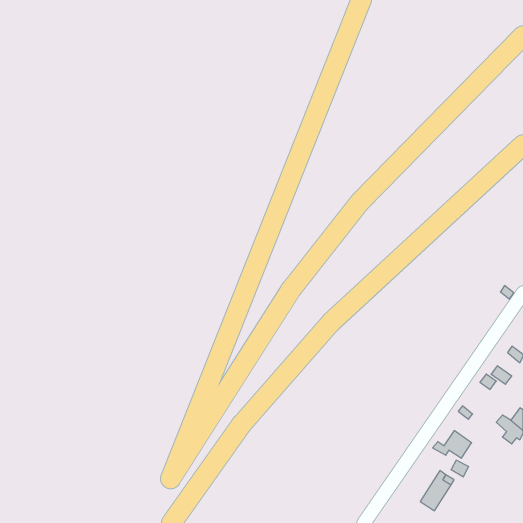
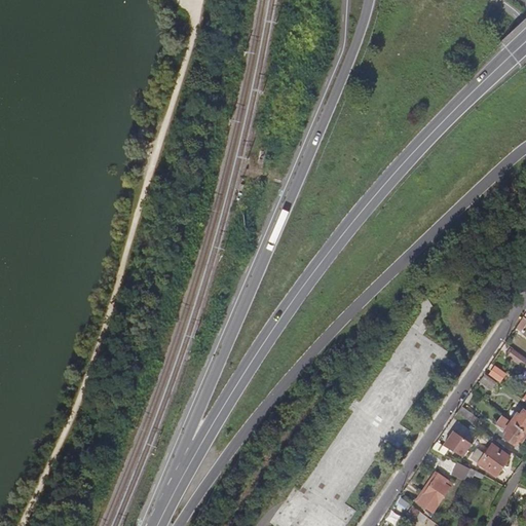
building: none -> [477,444,508,475]

